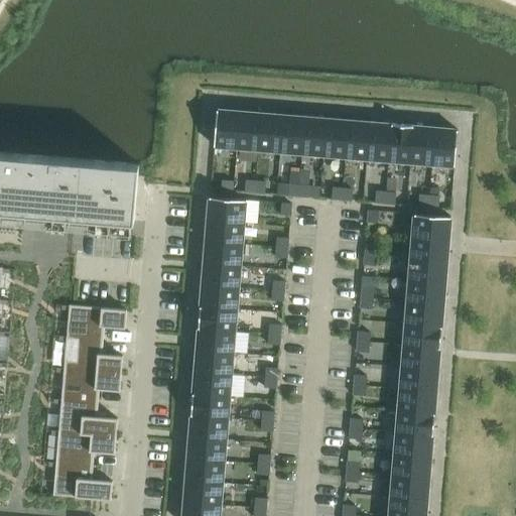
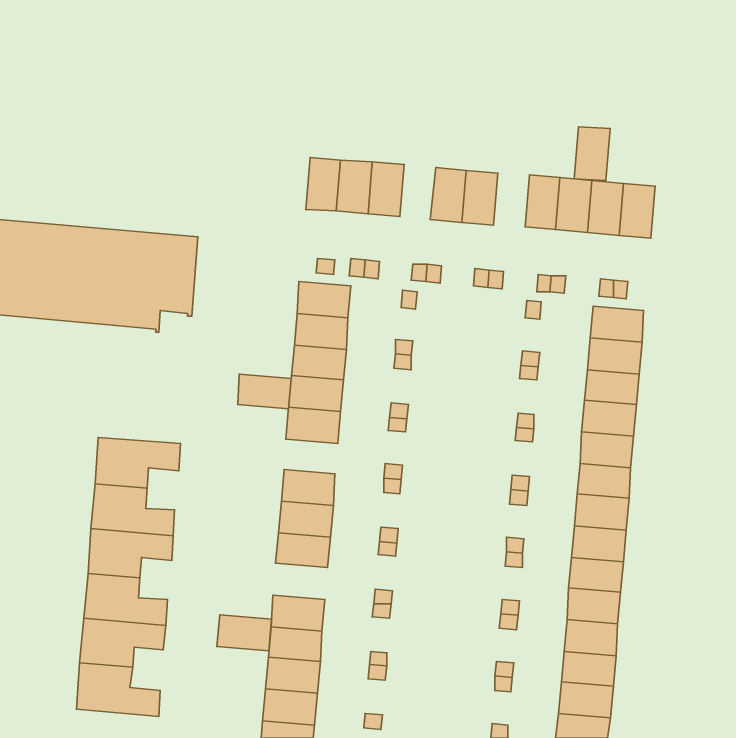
building: [279,115,304,153] -> none
building: [345,121,370,158] -> [574,127,610,180]
building: [199,306,236,331] -> [238,374,291,409]
building: [190,393,229,418] -> [217,615,272,651]

